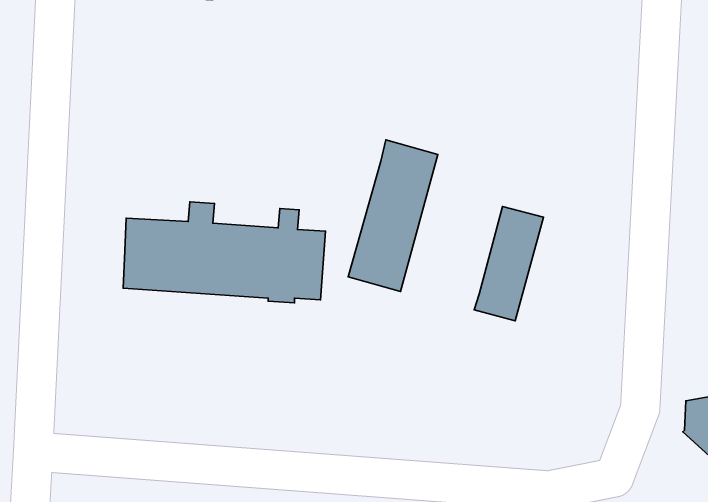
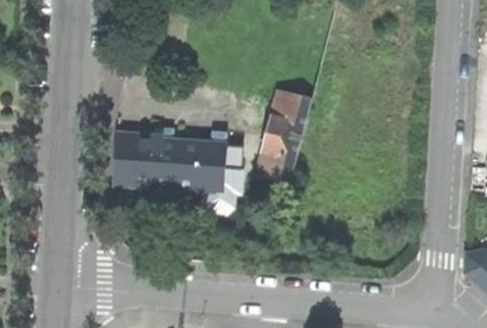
building: [474,206,543,321] -> none

